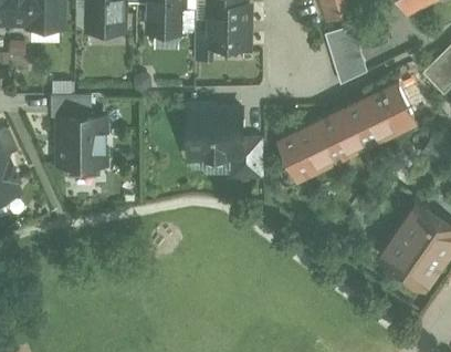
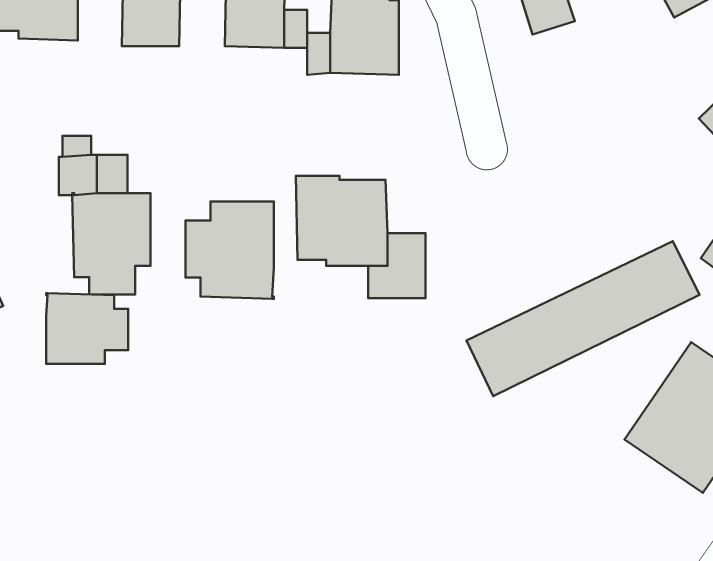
building: [325,28,367,86] -> none
building: [280,86,415,176] -> [466,241,700,396]
building: none -> [186,201,274,299]
building: none -> [46,293,128,364]

